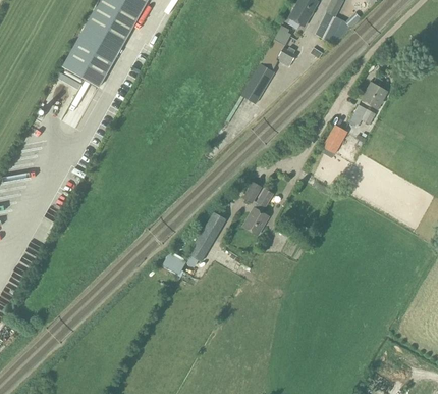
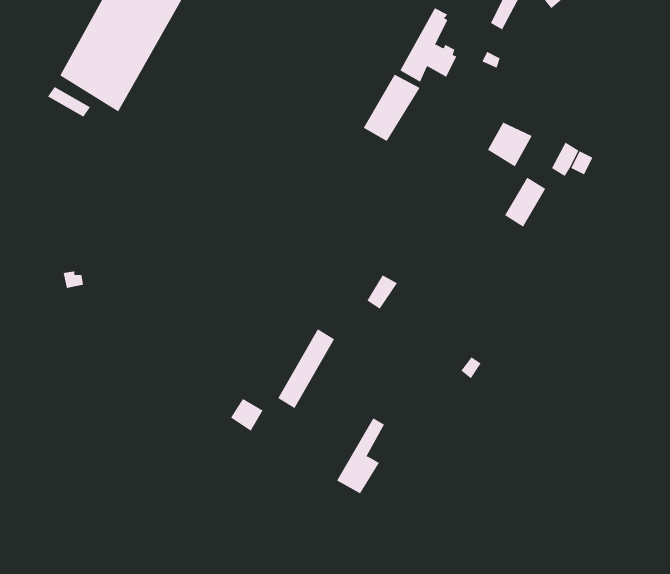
building: [361,83,387,109] -> [487,122,532,167]
building: [242,190,271,235] -> [336,418,385,494]

